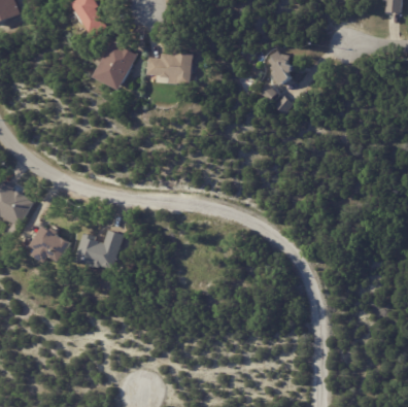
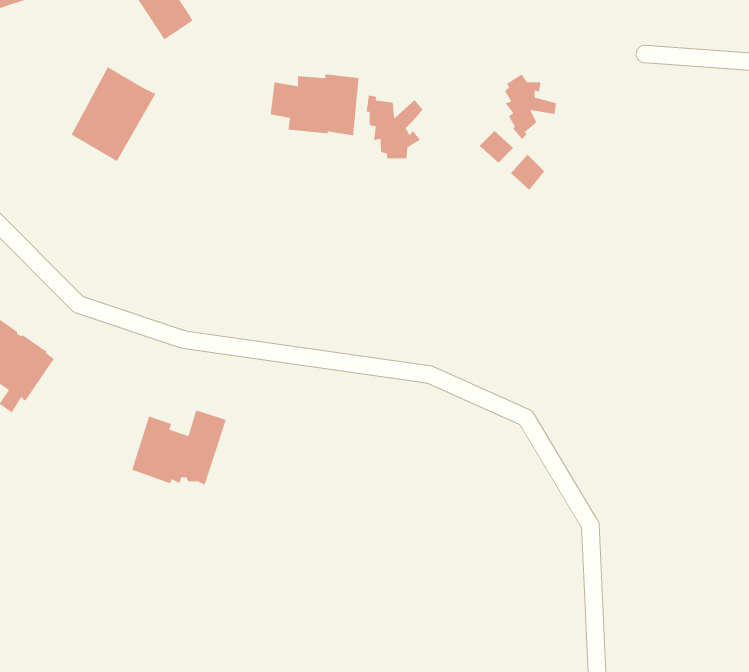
building: [93,40,138,91] -> [70,66,156,162]
building: none -> [366,94,424,159]
building: [29,226,69,265] -> none

